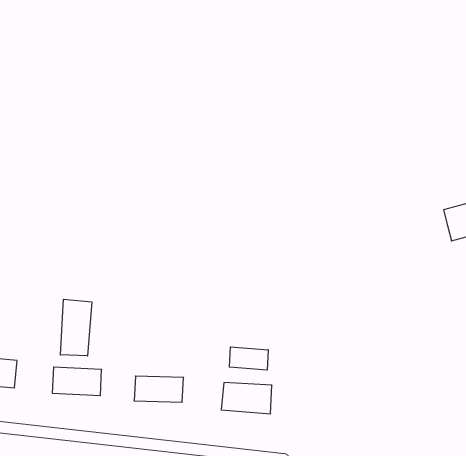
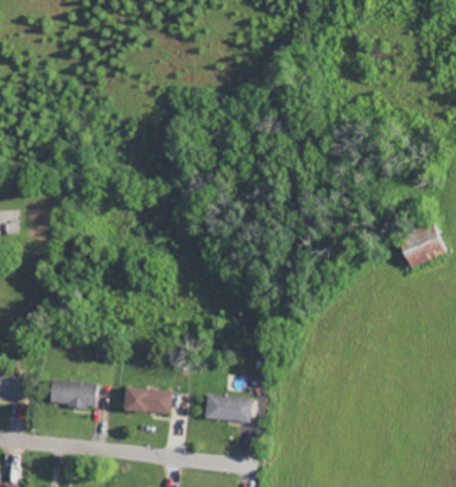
building: [60,299,92,356] -> none
building: [229,347,268,370] -> none

